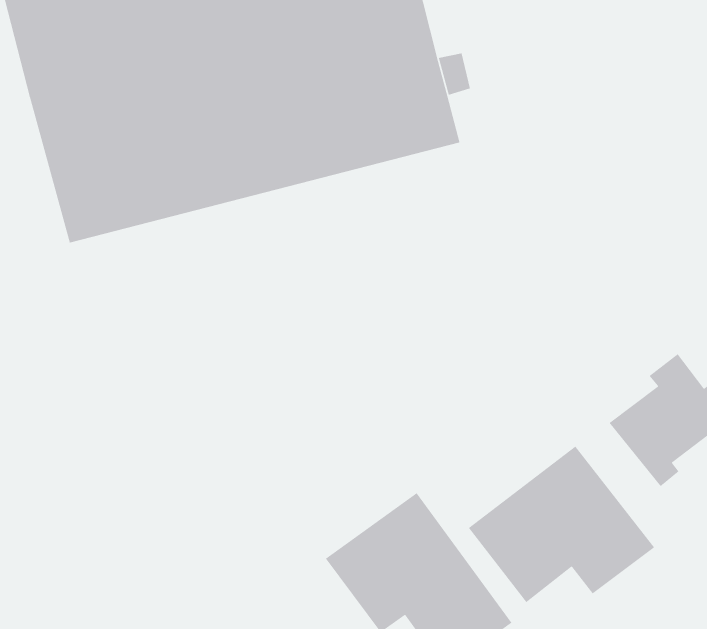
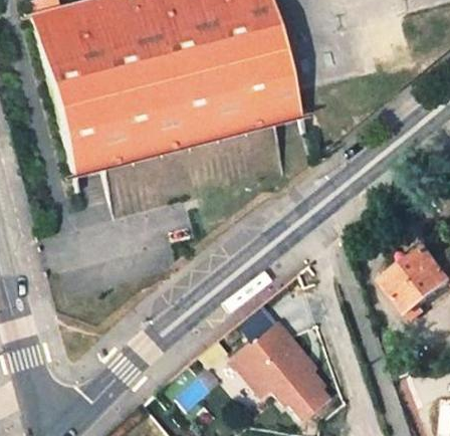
building: [468,445,655,603] -> none

